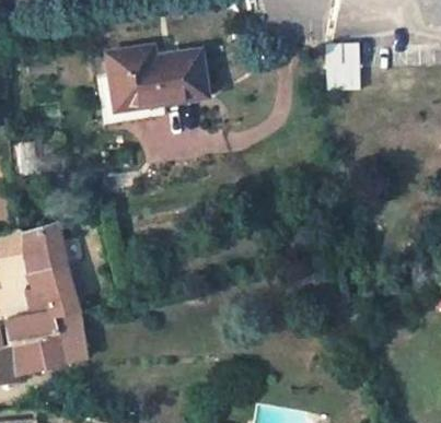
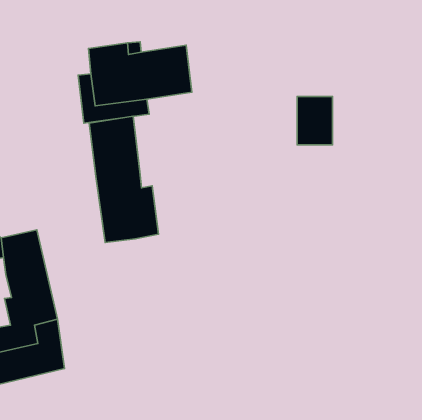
building: [326,44,360,90] -> [297,97,333,145]
building: none -> [89,116,159,243]

